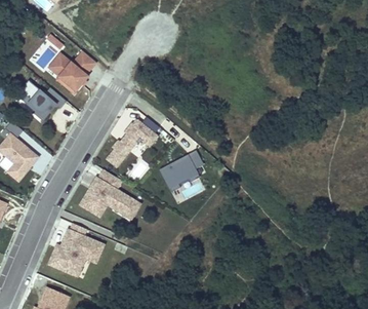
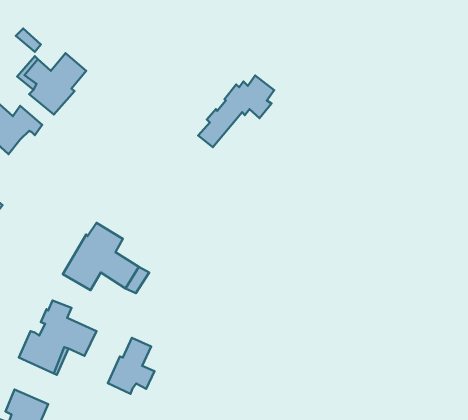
building: [106,117,159,167] -> [198,76,274,147]
building: [159,151,203,193] -> none
building: none -> [108,338,155,394]

